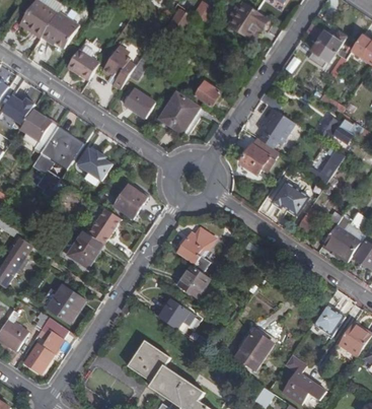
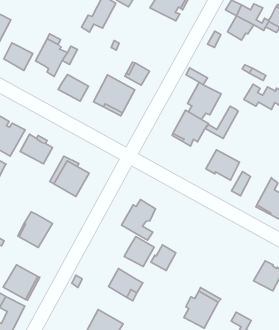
building: [307,150,344,184] -> [205,106,238,138]
building: [88,208,121,245] -> none
building: none -> [151,245,176,270]

